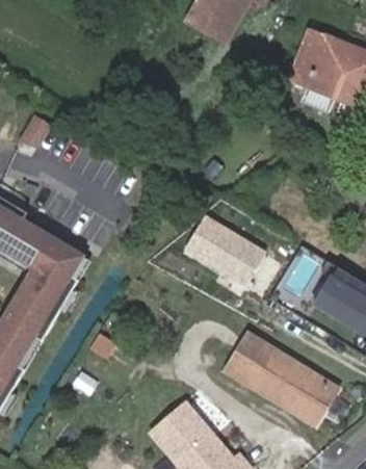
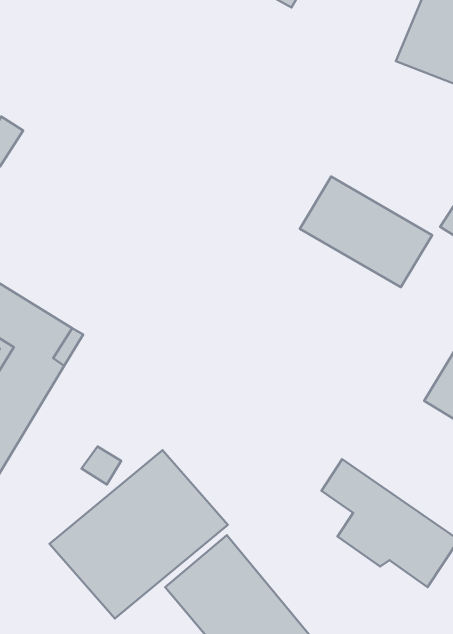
building: [179,213,266,286] -> [300,177,432,287]
building: none -> [50,450,228,619]

